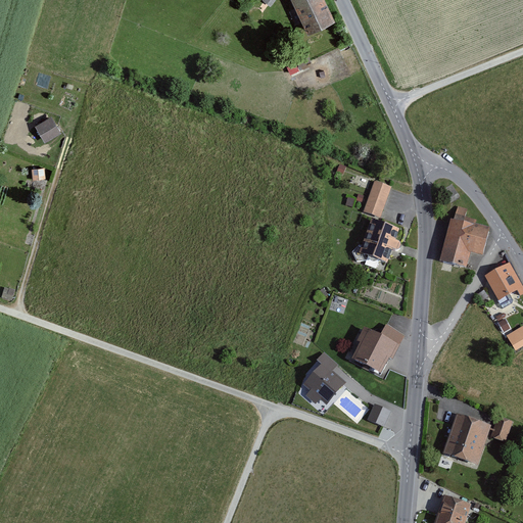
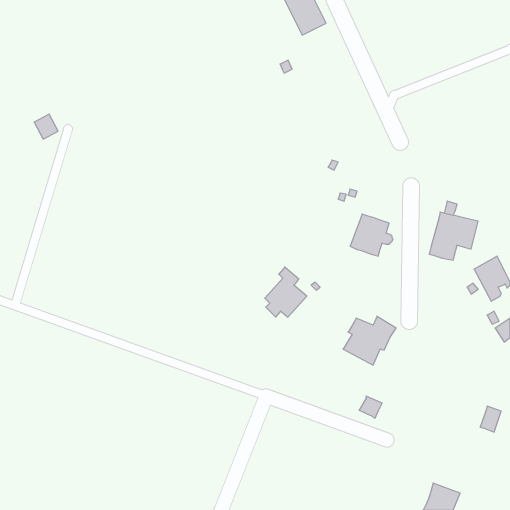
building: [363,182,389,218] -> none
building: [302,351,345,402] -> [265,267,307,317]
building: [443,413,489,464] -> none

